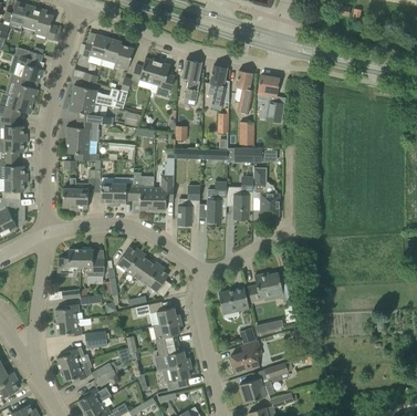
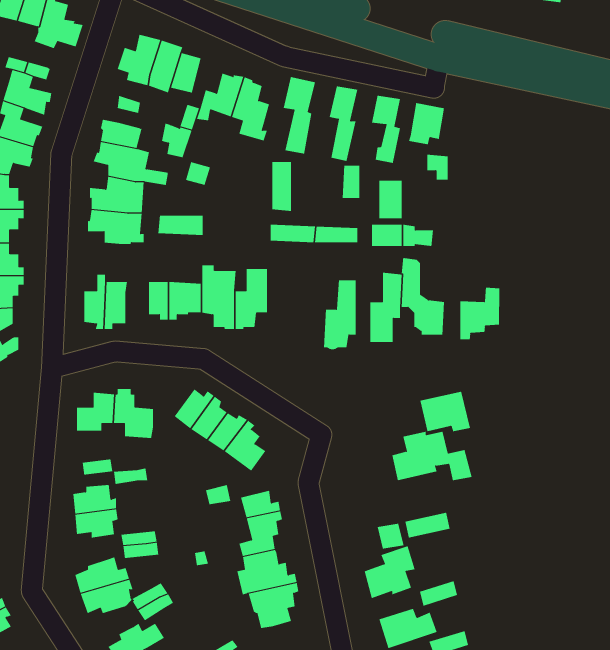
building: none -> [460,287,500,340]
building: [177,186,199,227] -> none
building: [218,287,249,311] -> [419,391,471,432]

